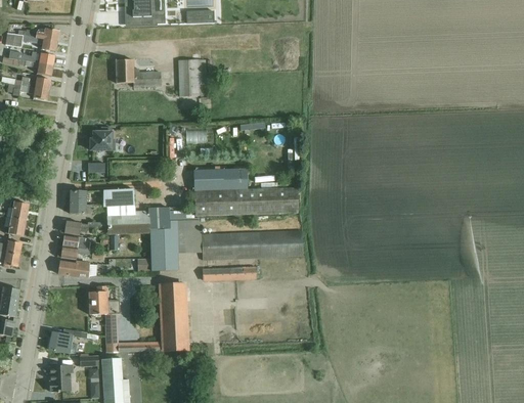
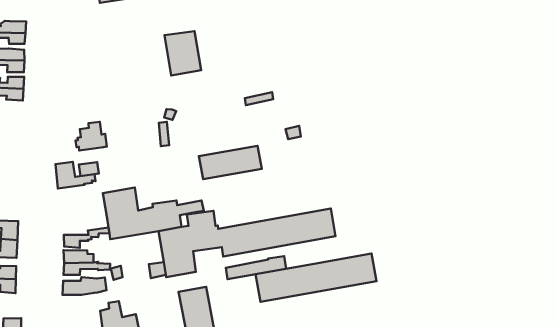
building: [117,60,161,87] -> none
building: [194,186,299,215] -> [256,254,376,302]
building: [70,191,103,213] -> [56,162,96,189]

